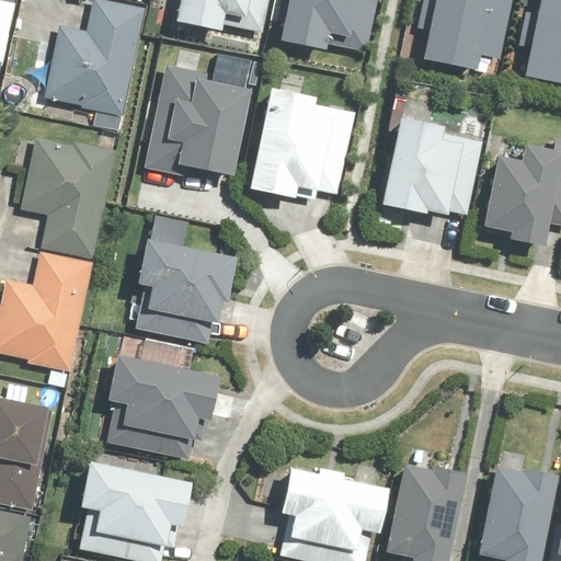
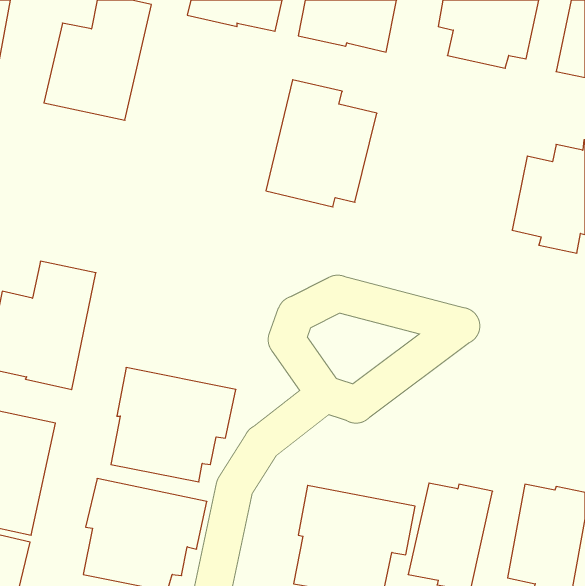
building: [144,67,253,176] -> none
building: [381,113,482,217] -> none
building: [19,139,113,261] -> none
building: [134,236,240,346] -> none

